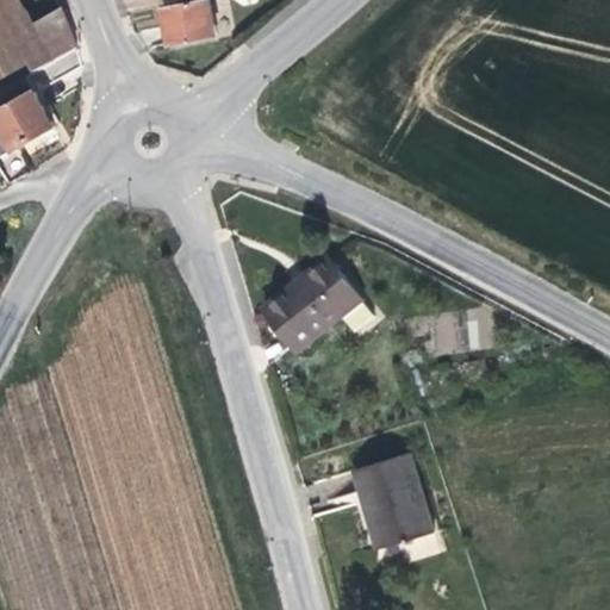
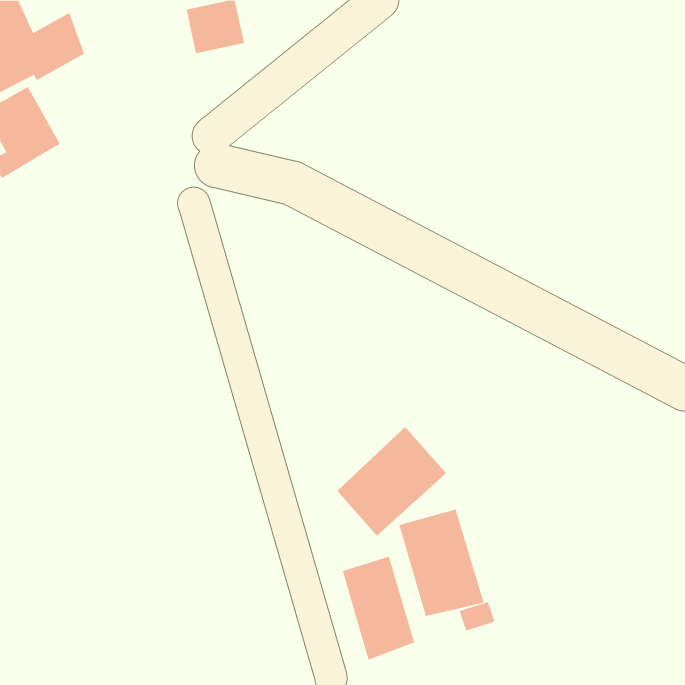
building: [262,250,360,348] -> [337,426,447,537]
building: none -> [342,556,415,660]

